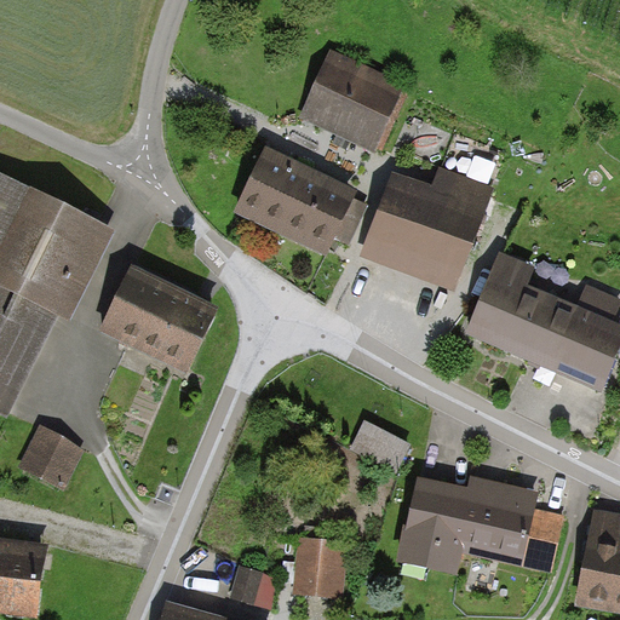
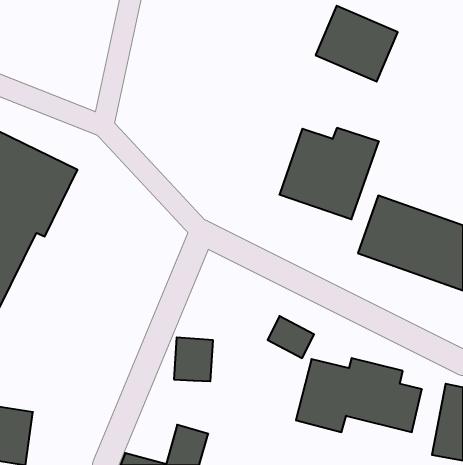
building: [306,51,415,151] -> [316,6,398,82]
building: [248,154,363,256] -> none
building: [99,274,211,371] -> none
building: [22,426,87,488] -> none
building: [291,536,343,595] -> [174,337,213,381]

